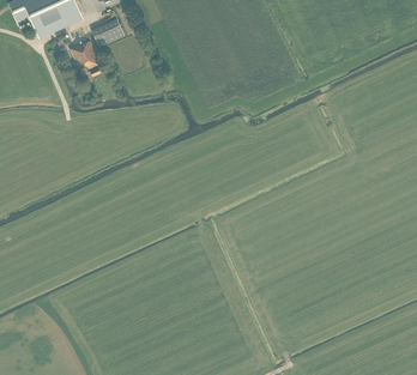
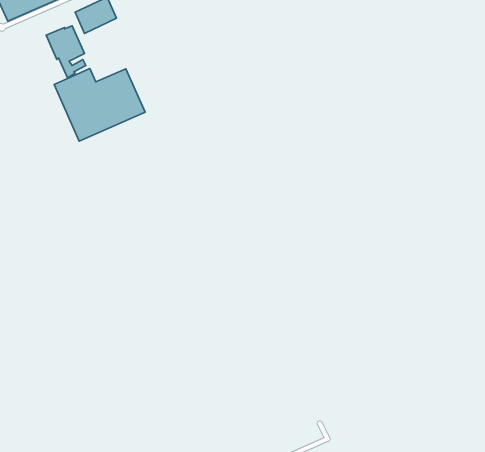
building: none -> [54,69,145,141]

